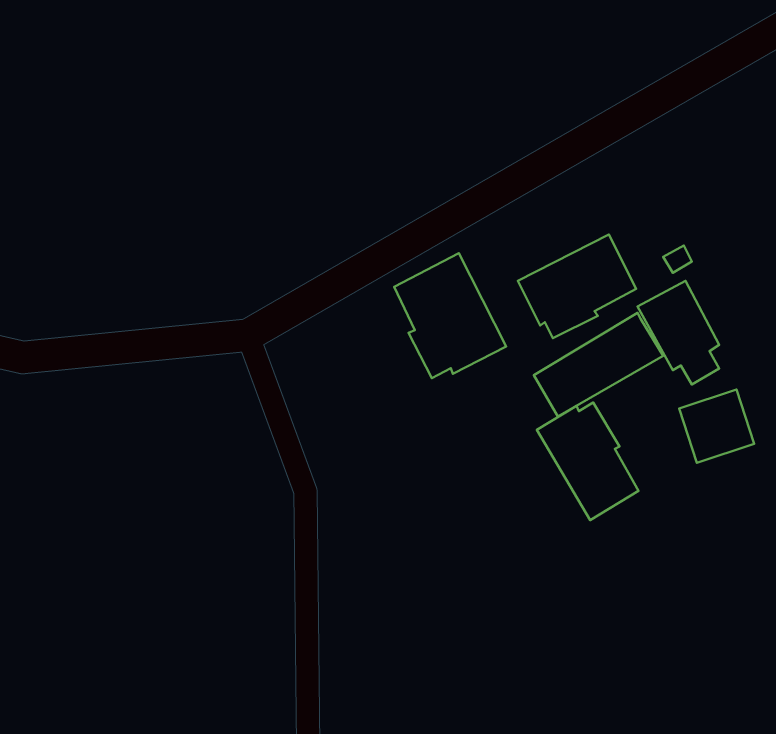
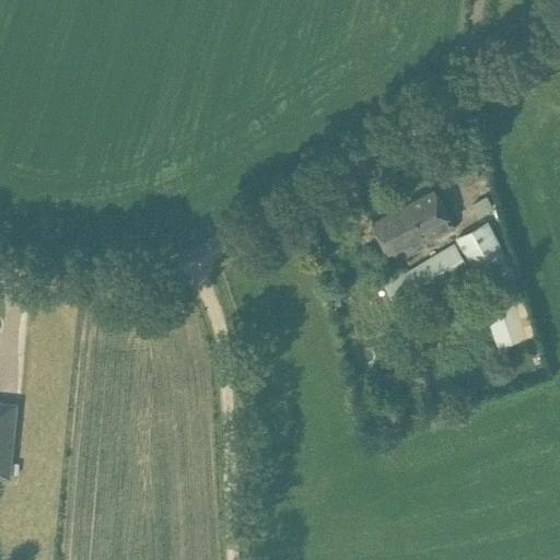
building: [394,253,506,378] -> none
building: [537,403,639,520] -> none

